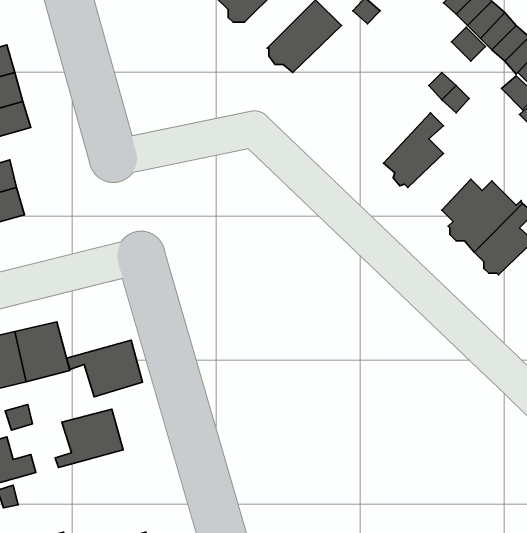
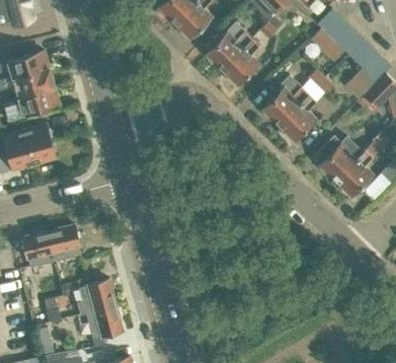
building: none -> [223,40,260,85]
building: none -> [263,76,309,126]
building: [67,340,143,397] -> [76,305,124,341]

